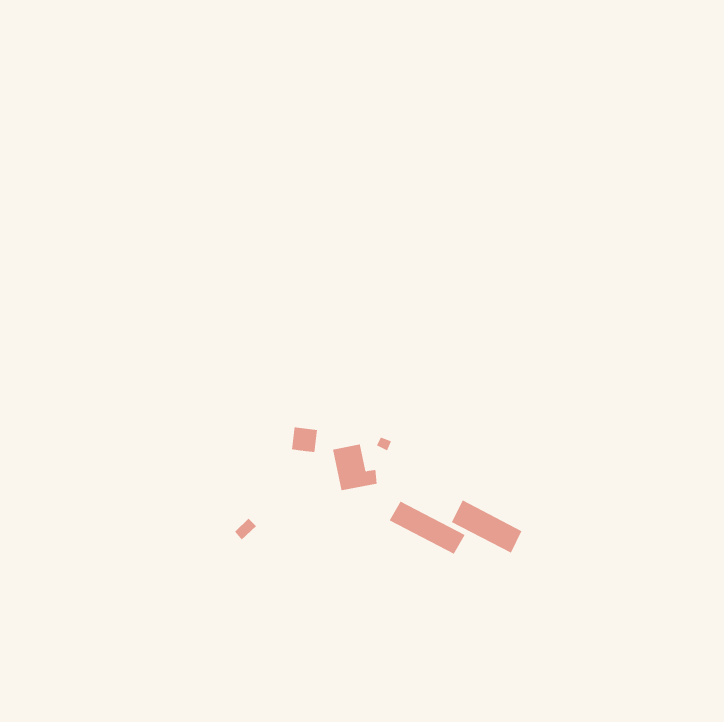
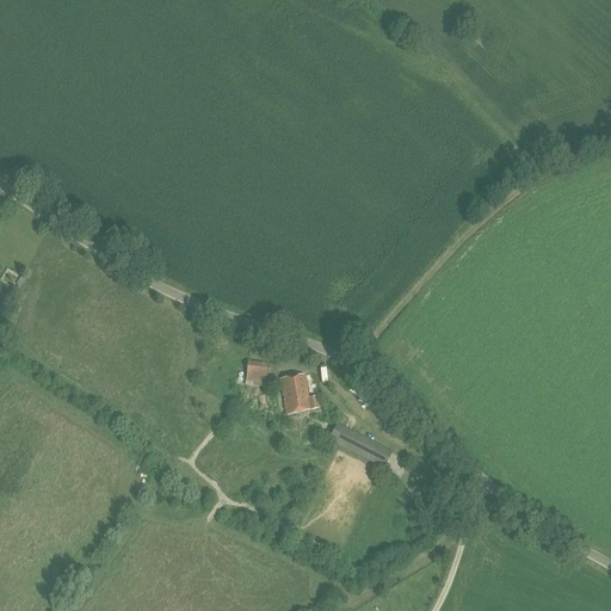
building: [451,499,522,554] -> none

